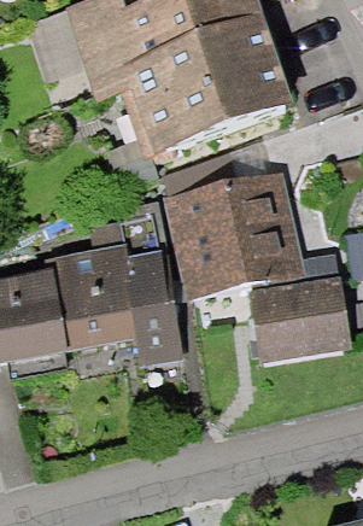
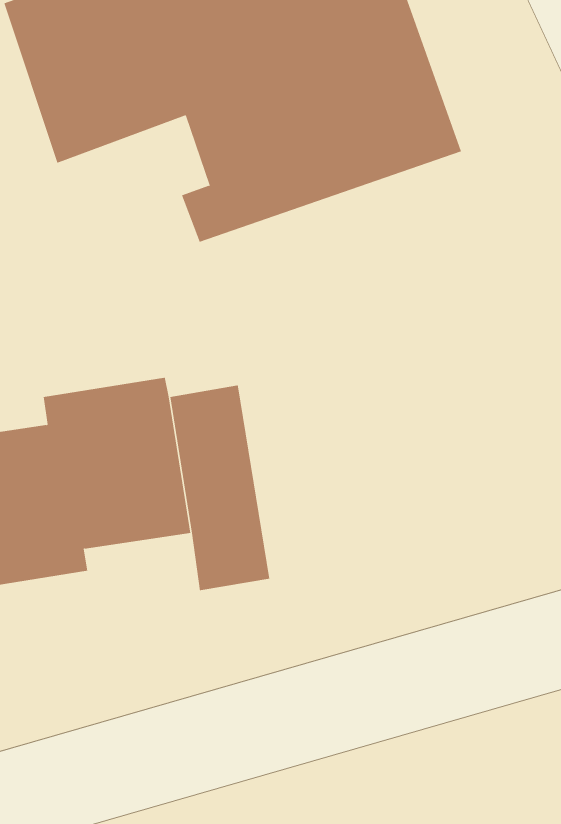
building: [160,174,294,293] -> none
building: [241,279,347,360] -> none

